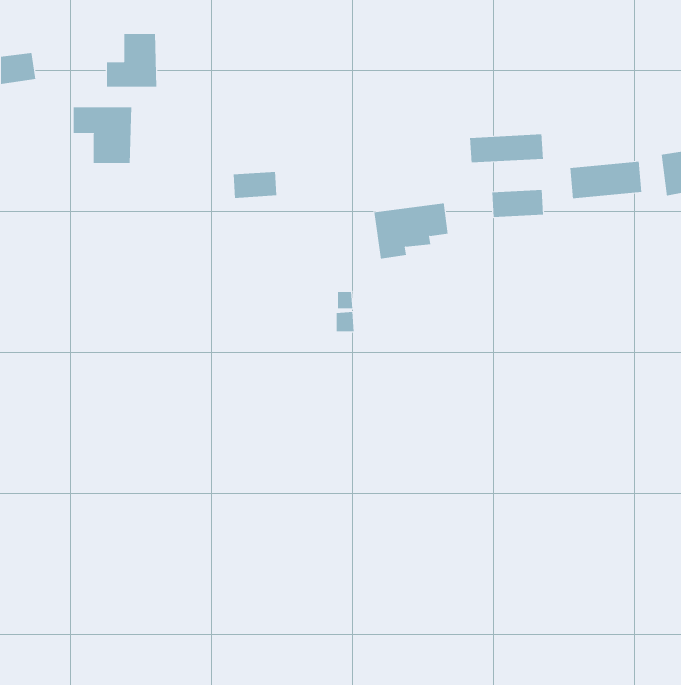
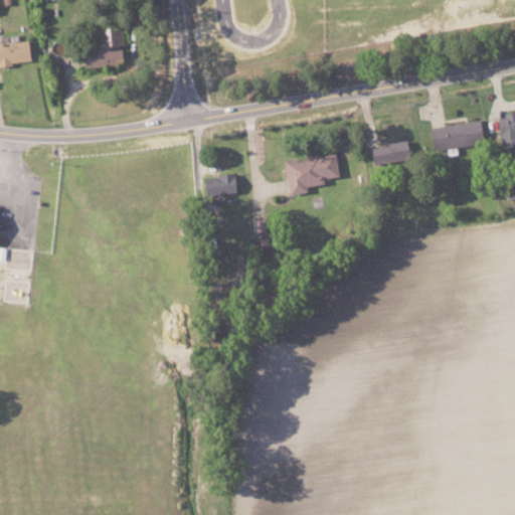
building: [73,107,132,164] -> none
building: [470,134,543,163] -> none
building: [233,171,277,198] -> [204,175,237,195]

